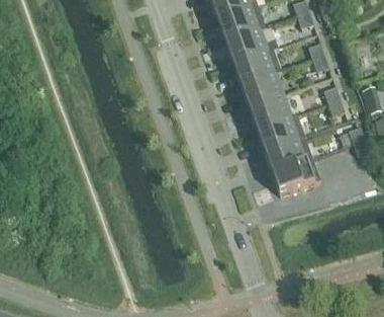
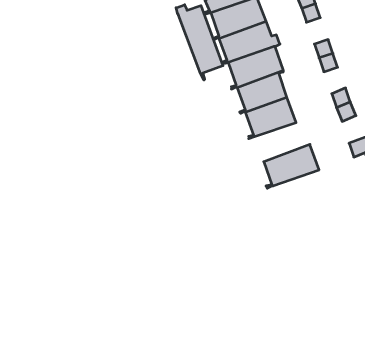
building: none -> [176,5,223,80]
building: [256,115,304,151] -> none
building: [272,157,320,193] -> none

